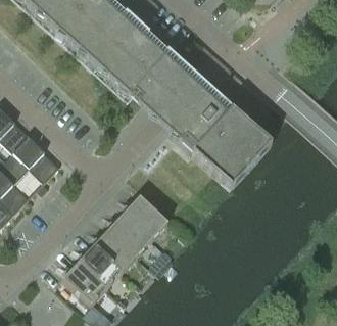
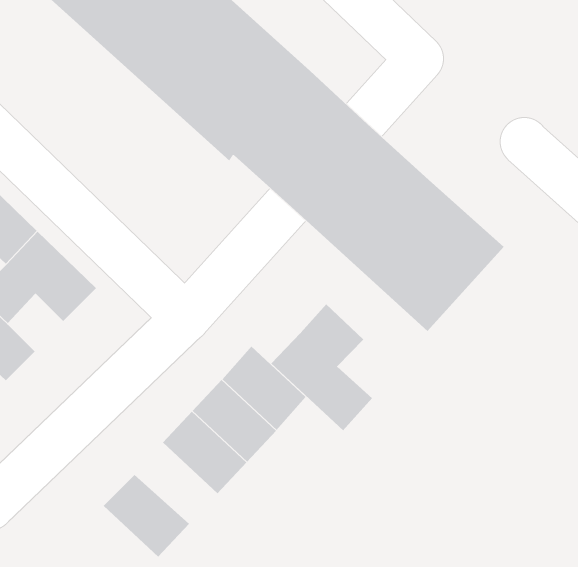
building: none -> [270,303,373,431]
building: [80,244,123,286] -> none

